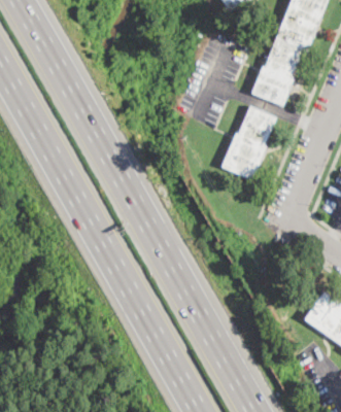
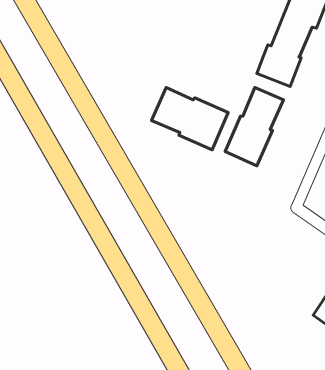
building: none -> [152,88,228,150]

